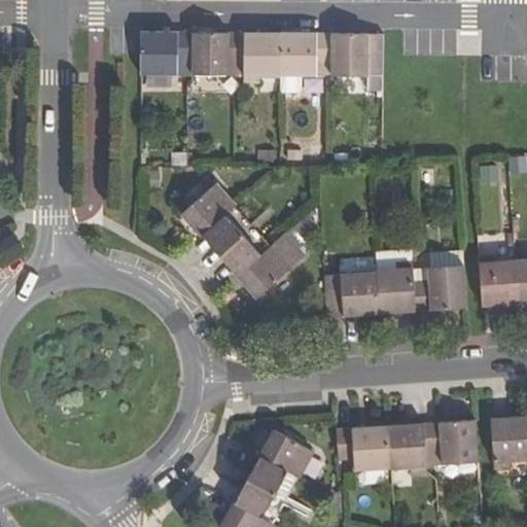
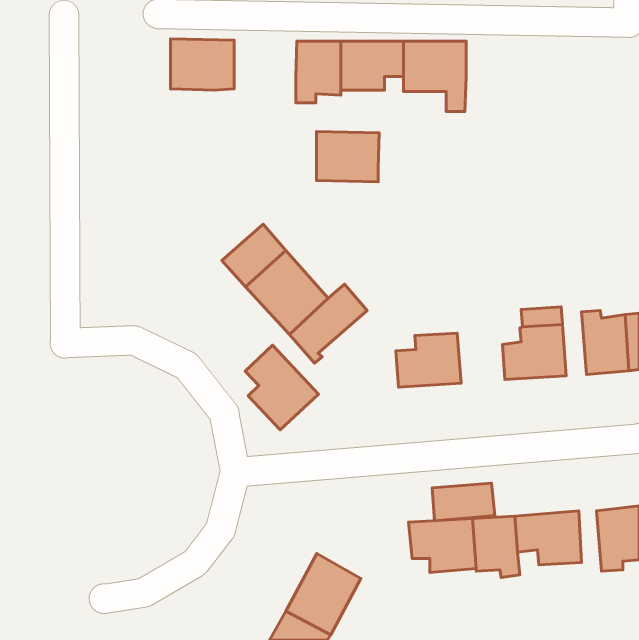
building: [192,33,244,74] -> [317,132,379,182]
building: [375,250,418,315] -> none
building: none -> [245,345,318,430]
building: none -> [432,483,495,521]
building: [260,428,312,476] -> none

